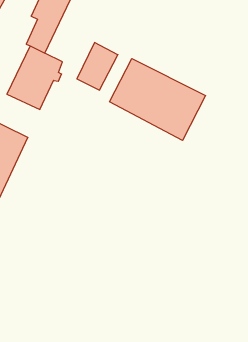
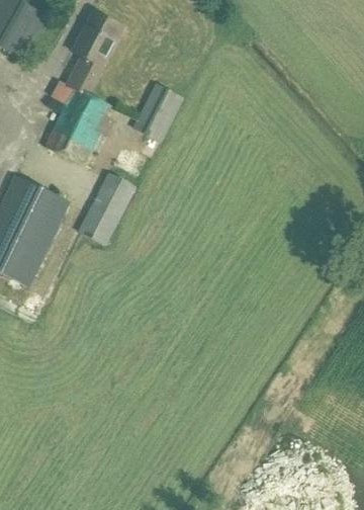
building: [110,59,206,140] -> none
building: none -> [77,171,135,247]

